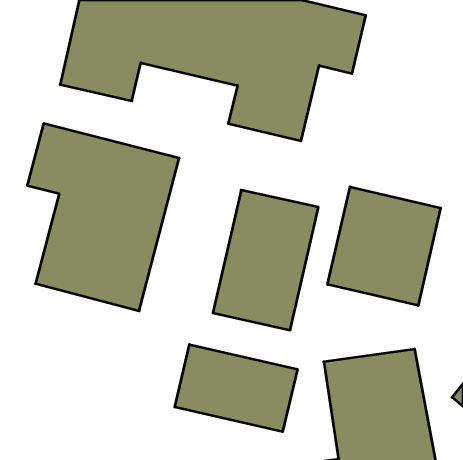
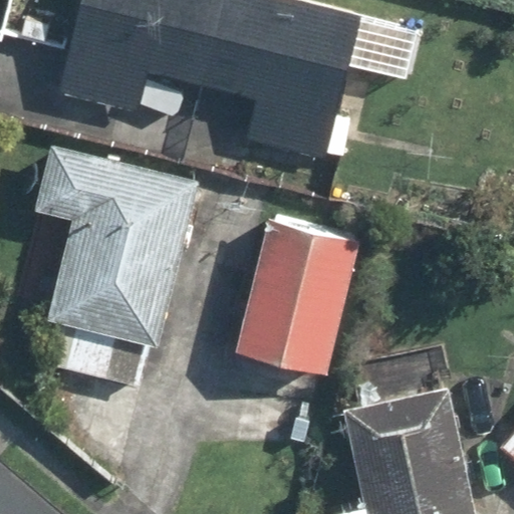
building: [328,187,441,306] -> none
building: [175,344,297,432] -> none

